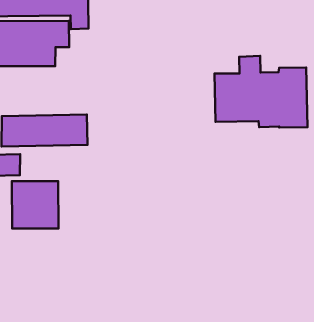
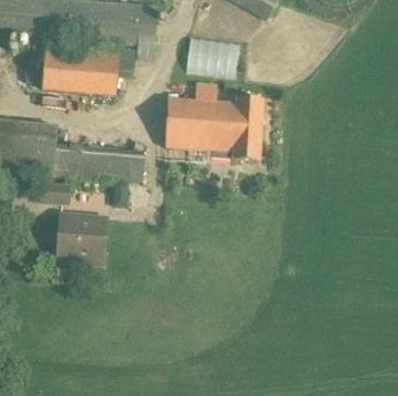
building: none -> [195,45,238,72]
building: [214,56,308,128] -> [164,82,264,162]

